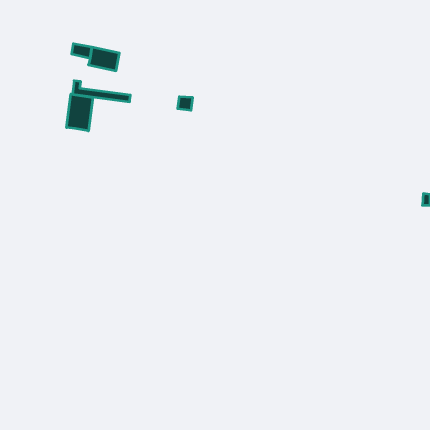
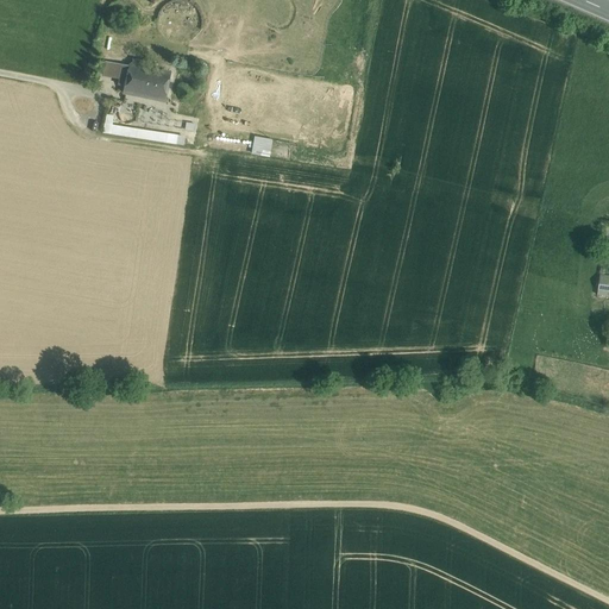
building: [67,94,93,131] -> none

